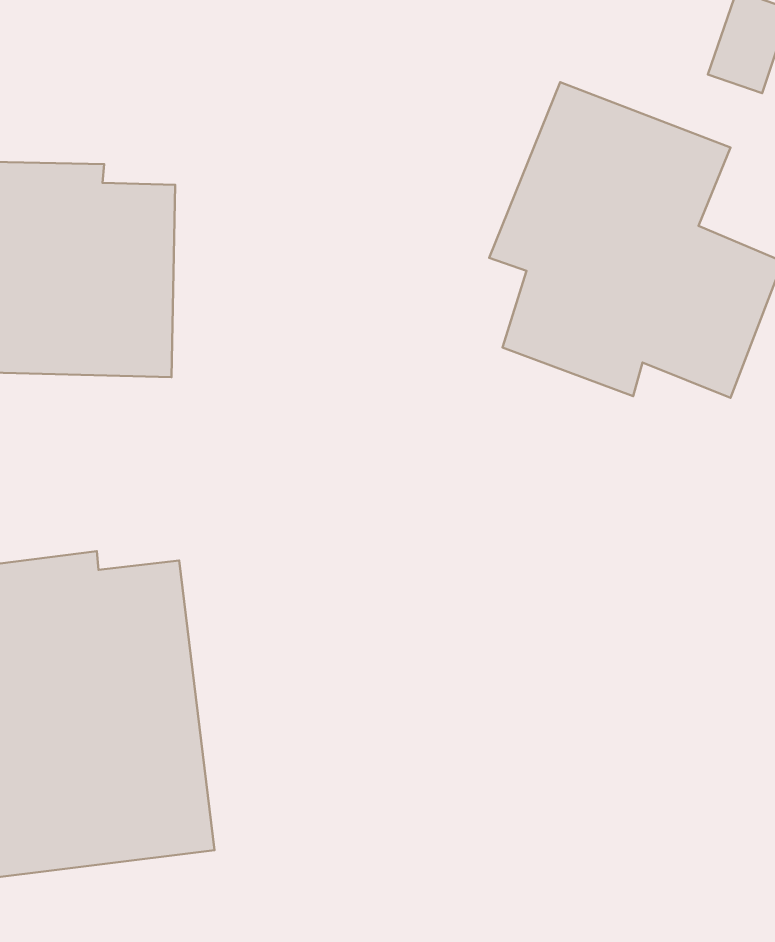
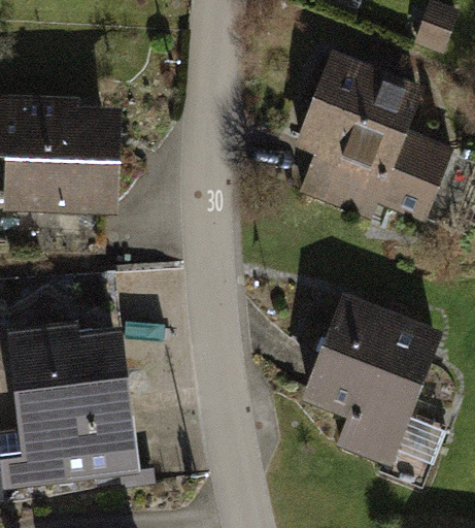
building: none -> [300,293,443,469]

